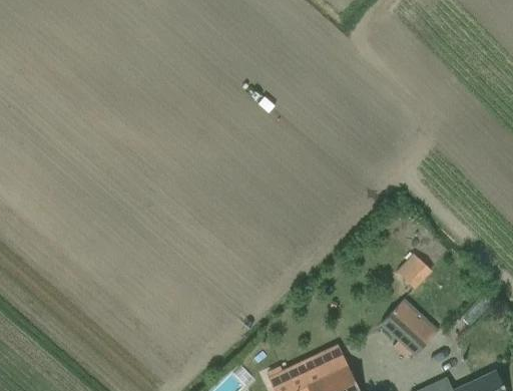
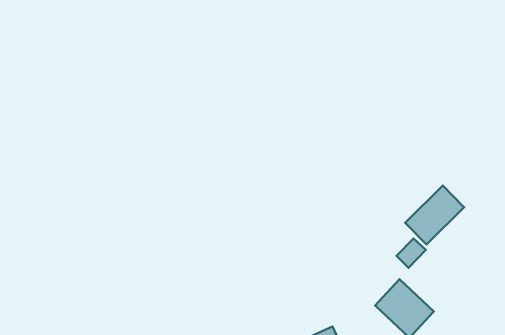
building: none -> [405,185,464,245]

